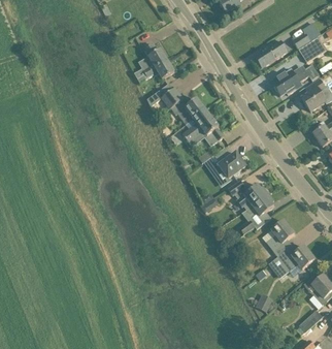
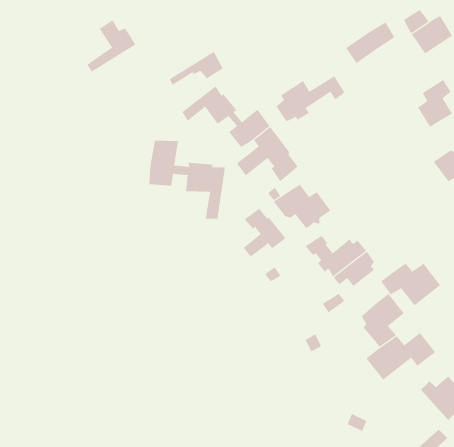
building: [135,43,168,78] -> [86,20,136,73]
building: [273,64,320,95] -> [275,75,346,122]
building: none -> [149,140,225,220]
building: none -> [243,208,286,257]
building: none -> [380,262,441,306]

